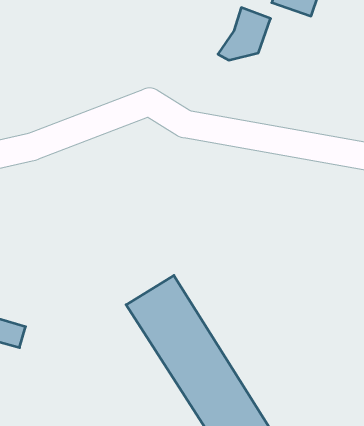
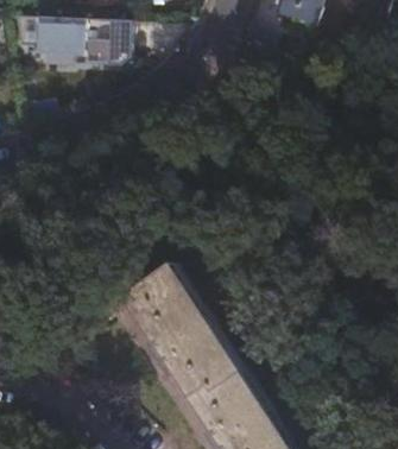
building: none -> [18,17,132,59]

